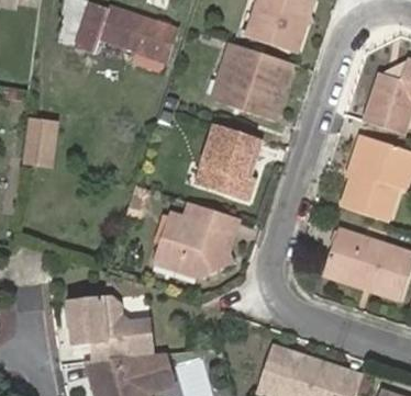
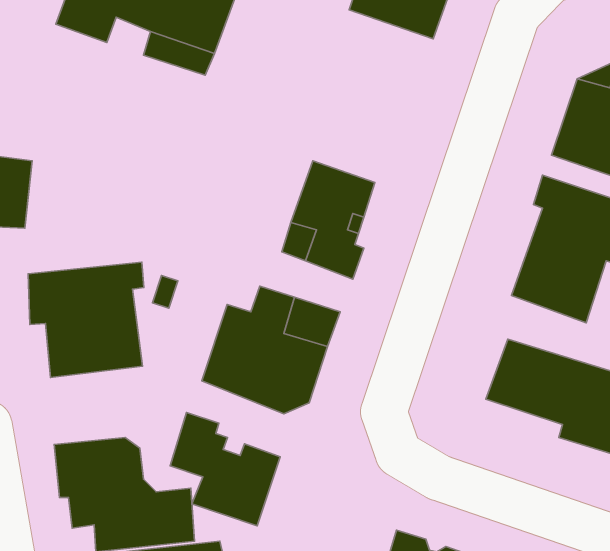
building: [215,41,291,116] -> none
building: none -> [28,262,144,378]
building: none -> [170,412,280,526]

